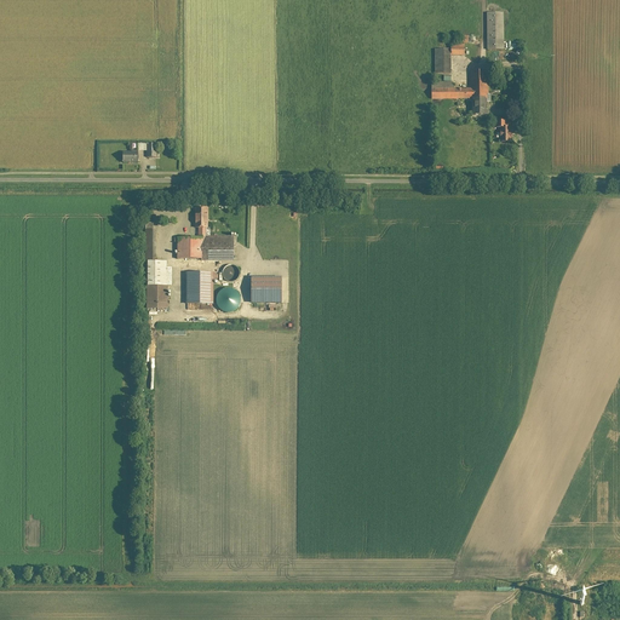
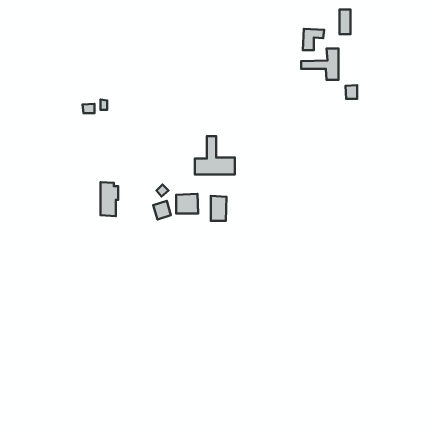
building: [176,203,232,258] -> [195,136,235,175]
building: [185,271,213,303] -> none
building: none -> [211,196,227,221]

